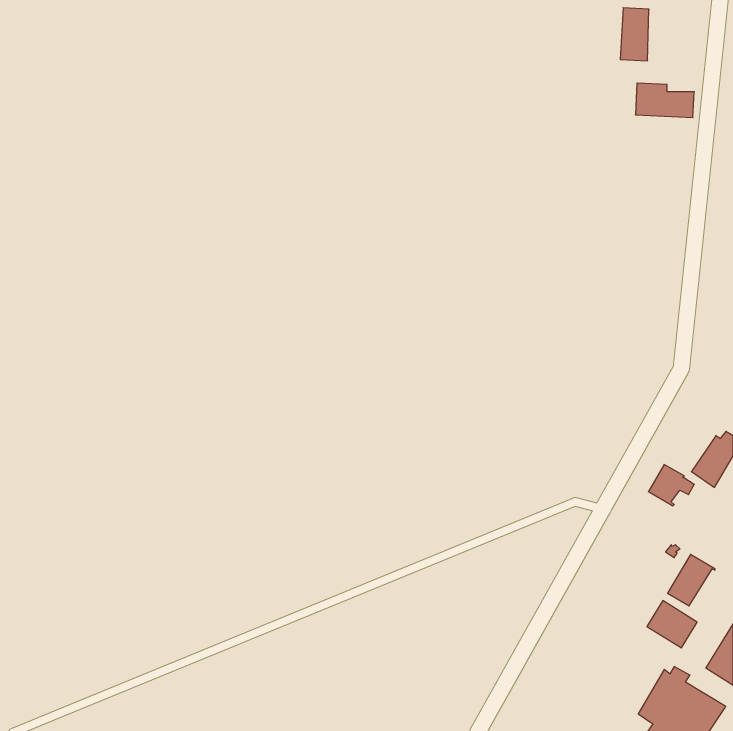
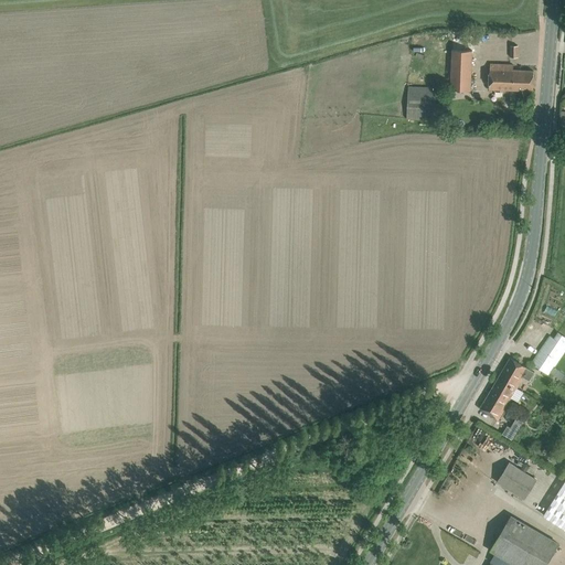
building: [620,8,649,61] -> [450,51,472,92]
building: none -> [406,87,445,121]
building: [668,554,715,606] -> [481,380,518,419]

